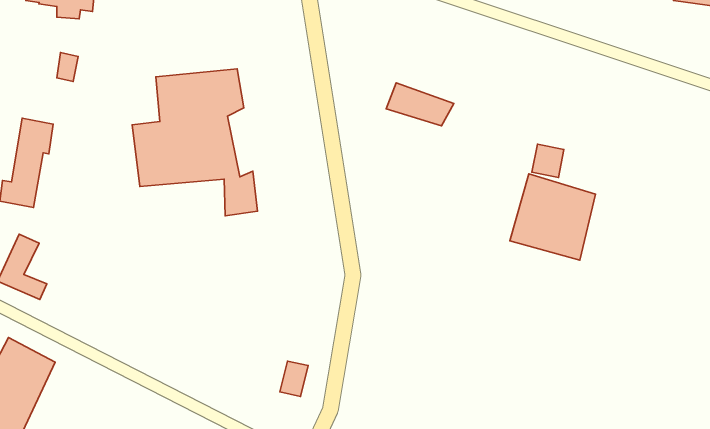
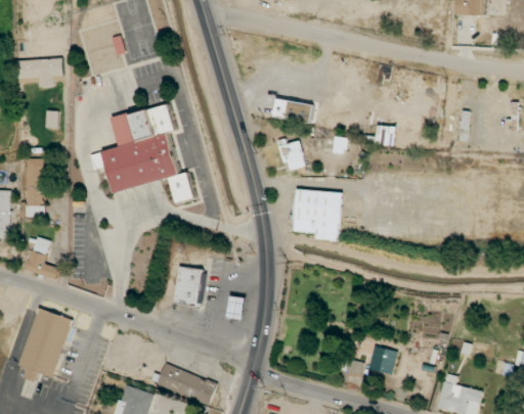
building: none -> [278,139,305,170]
building: [510,174,596,260] -> [290,189,343,242]
building: none -> [170,263,205,309]

